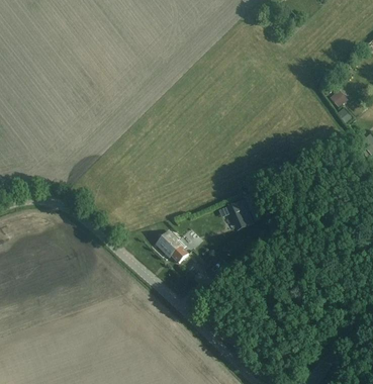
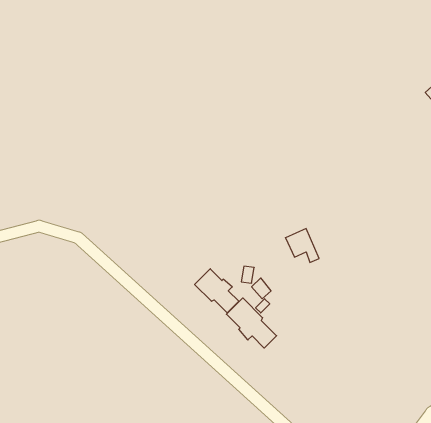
building: none -> [226,298,277,348]

